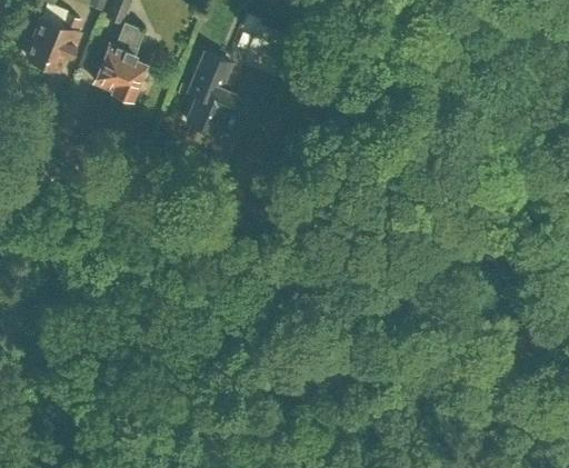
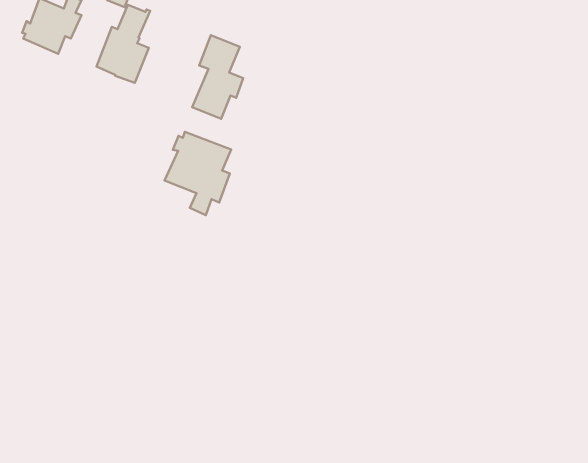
building: none -> [164,132,231,215]

